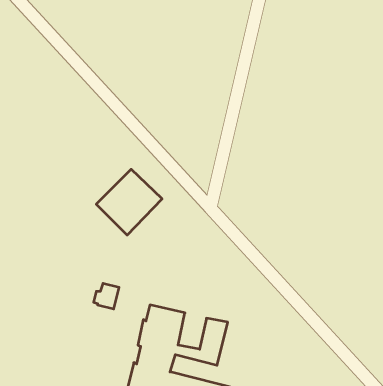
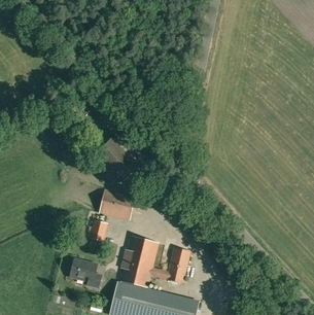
building: none -> [99,189,134,219]
building: none -> [69,258,100,287]

